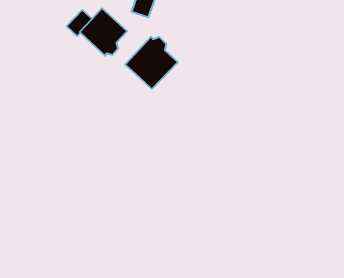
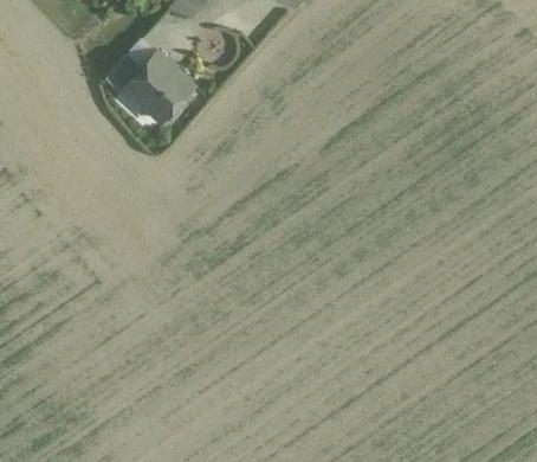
building: [125,37,178,89] -> none

